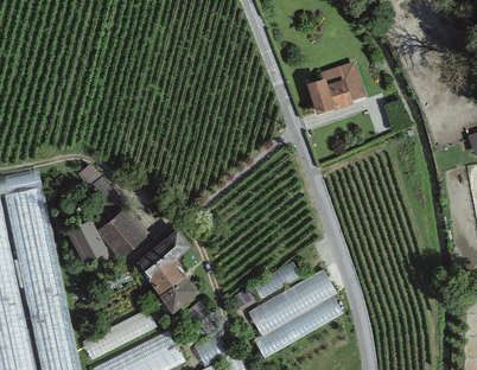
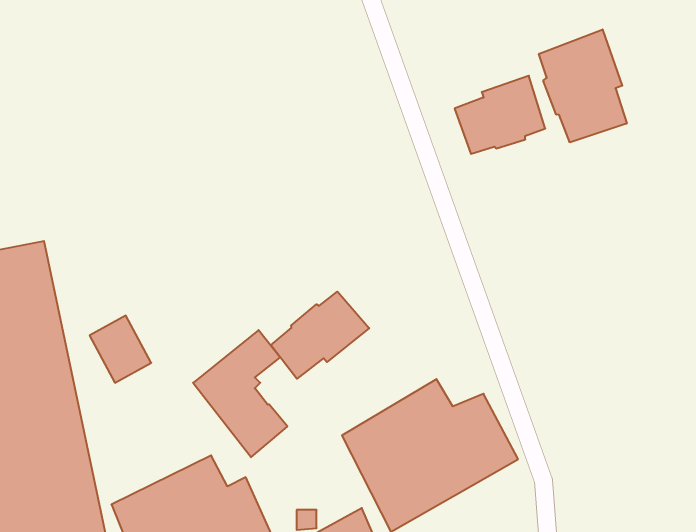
building: none -> [539,29,627,142]
building: none -> [271,292,369,379]
building: [100,212,144,255] -> none

